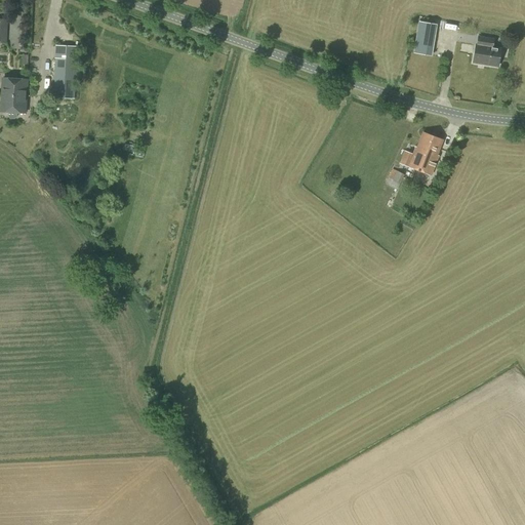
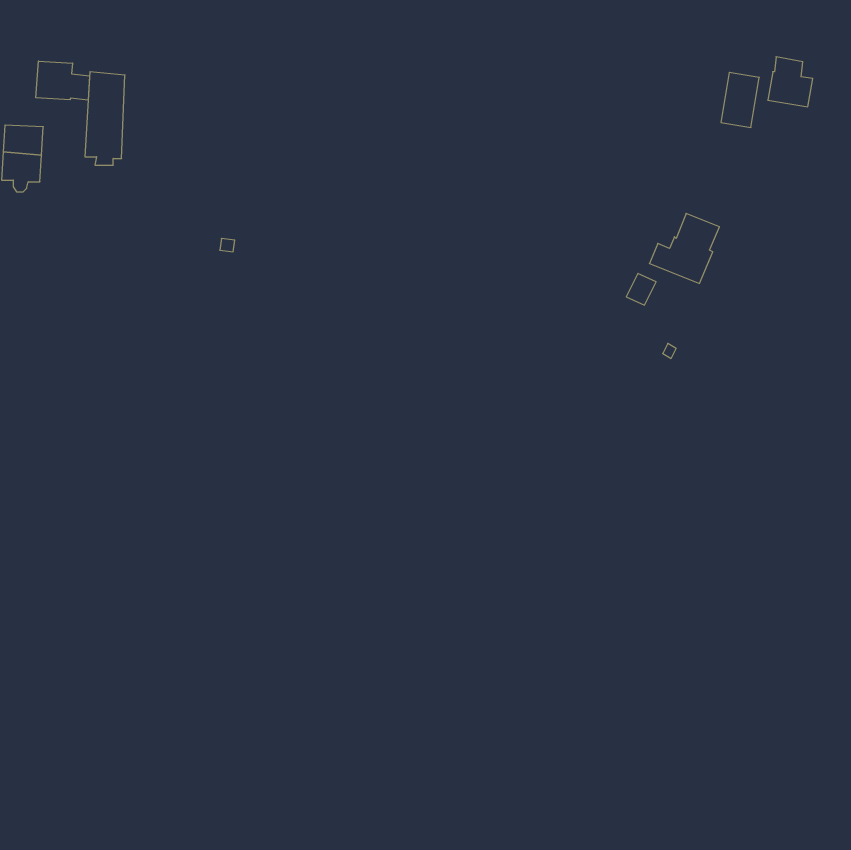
building: [413,21,437,54] -> [721,72,759,127]
building: none -> [36,61,89,100]

